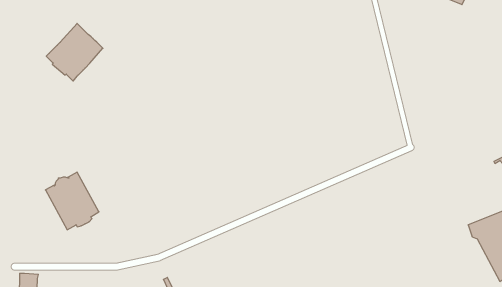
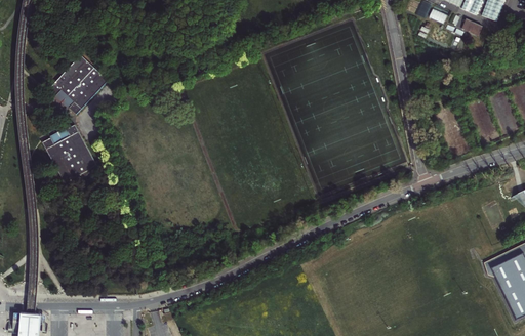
building: [45,172,99,230] -> [41,124,96,183]

